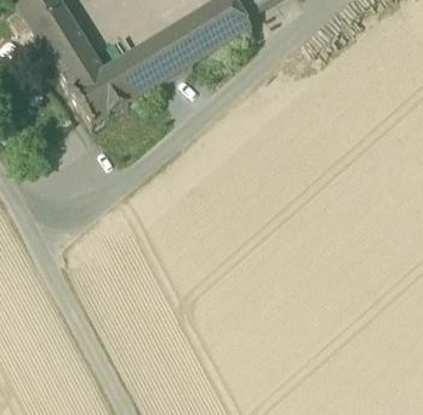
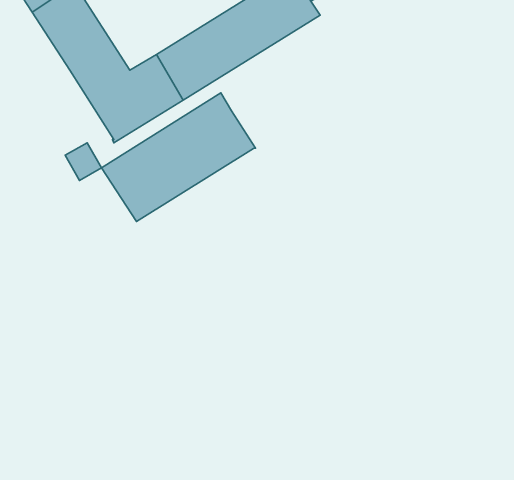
building: none -> [101,93,256,222]

